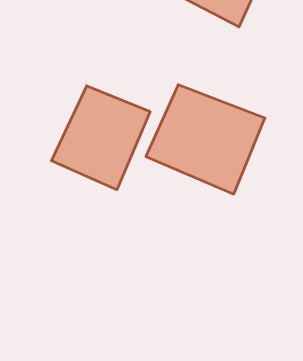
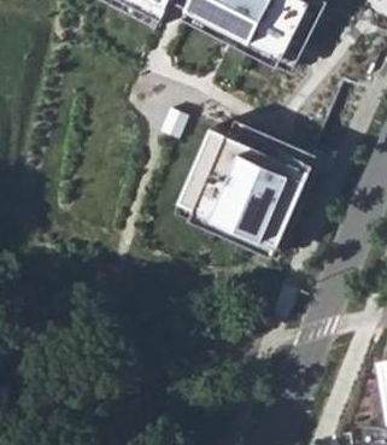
building: [51,86,150,190] -> none

